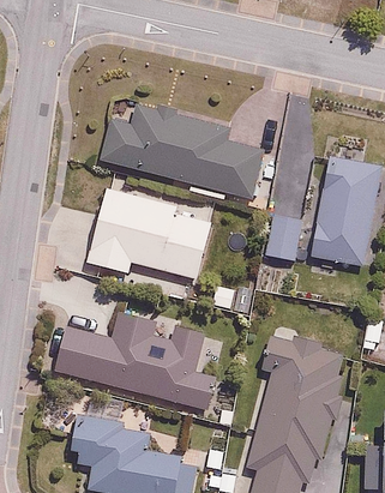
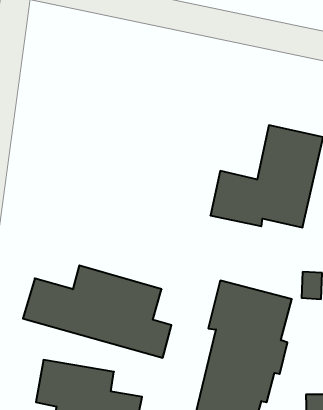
building: [100,103,269,204] -> none
building: [84,185,216,281] -> none

